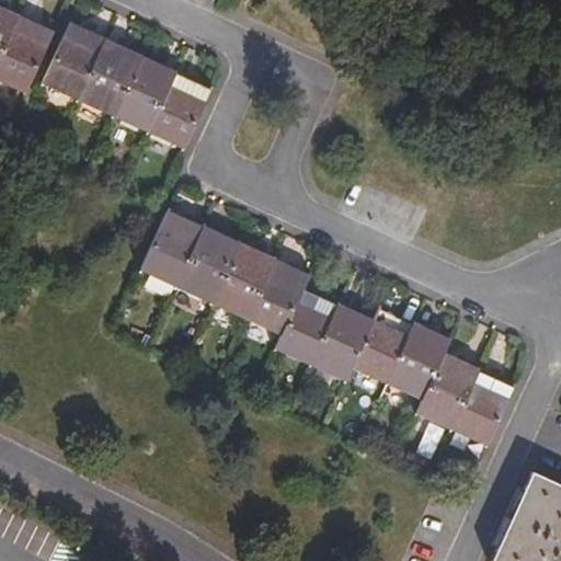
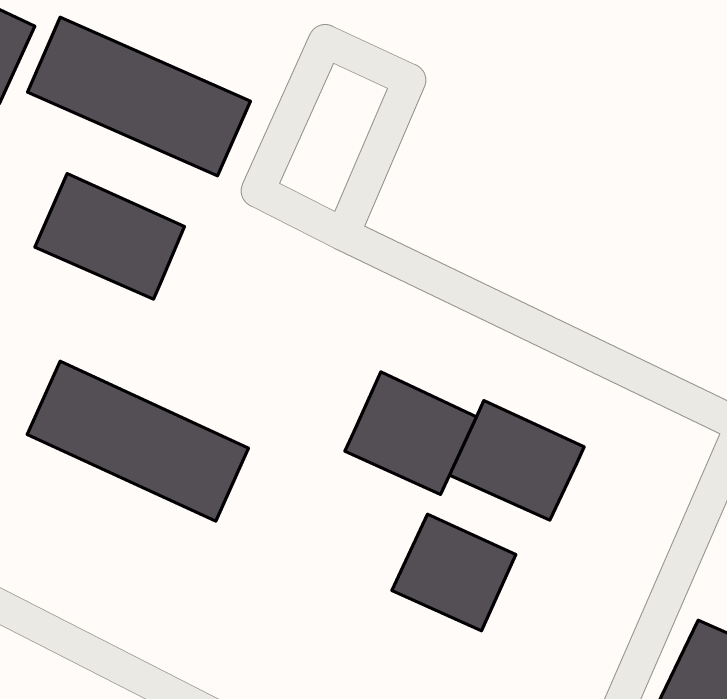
building: none -> [35,174,185,299]
building: [144,216,306,333] -> [27,361,249,521]
building: [419,356,510,442] -> [392,514,516,631]

